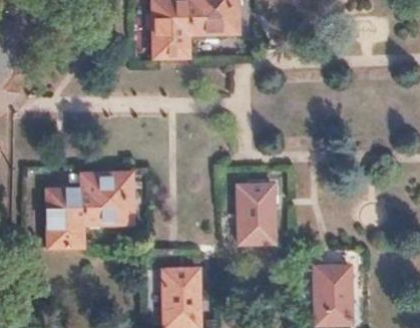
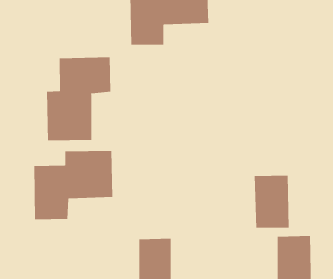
building: none -> [46,57,111,141]
building: [237,183,276,241] -> [254,175,289,228]

